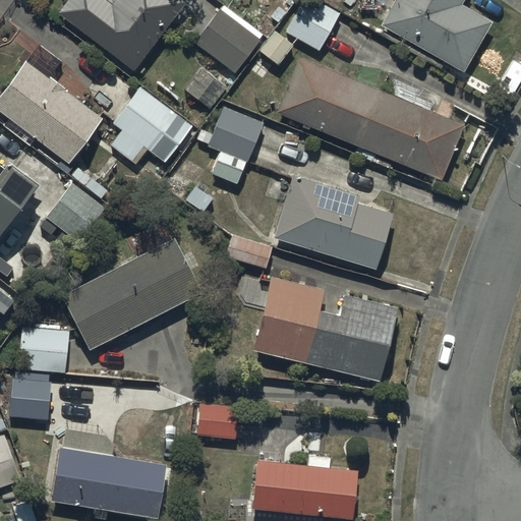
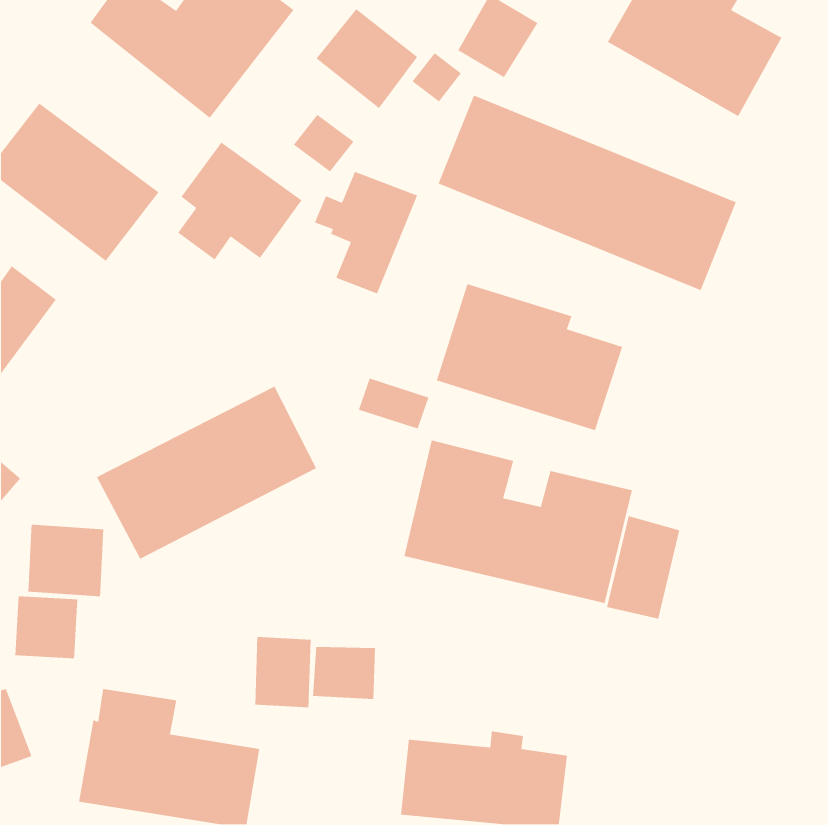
building: [49,181,108,239] -> none
building: none -> [606,515,680,620]
building: none -> [254,636,311,708]

